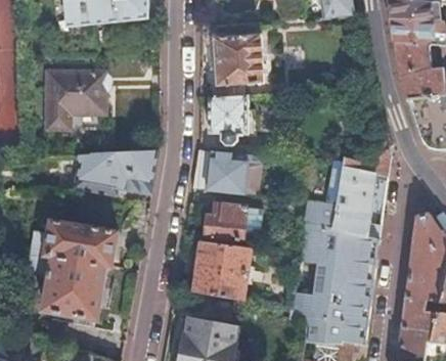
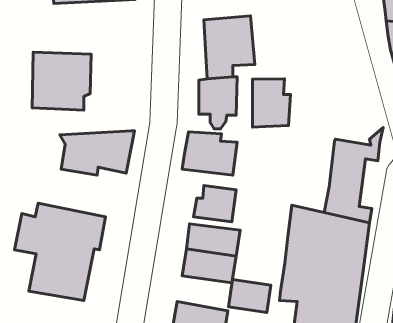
building: none -> [253,79,290,127]
building: none -> [229,280,271,312]

